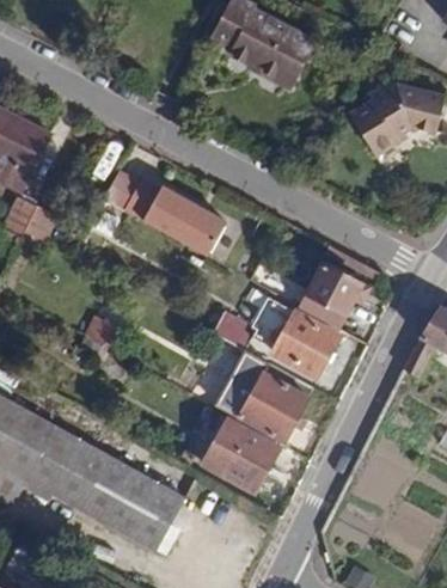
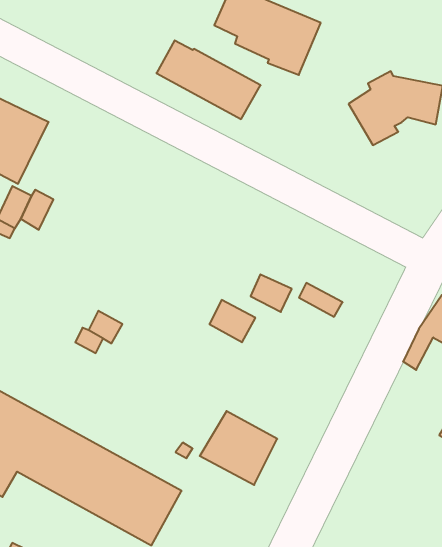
building: [127,179,229,257] -> [156,40,261,119]
building: [307,263,367,312] -> none
building: [273,311,341,376] -> none
building: [216,351,310,439] -> none

